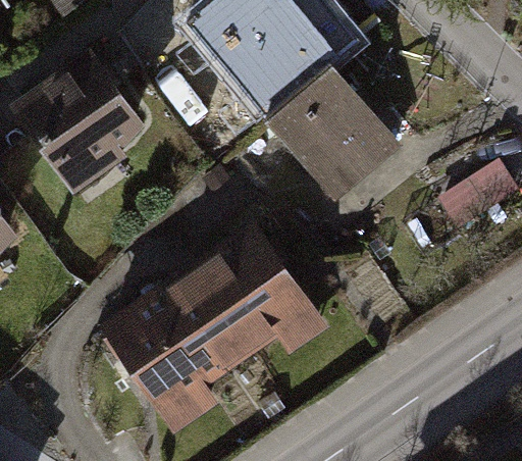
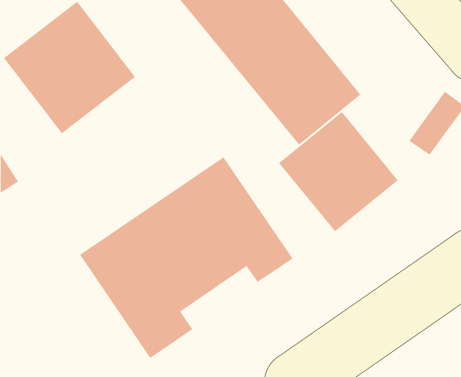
building: none -> [278,111,399,232]

